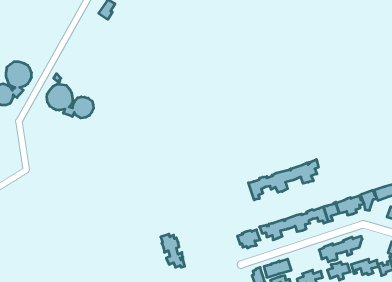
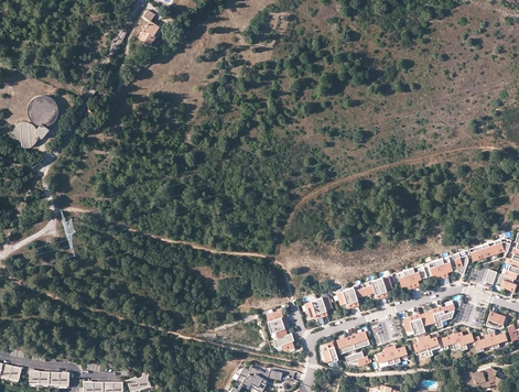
building: [47,84,93,118] -> none
building: [248,159,318,200] -> none
building: [161,234,185,267] -> [267,311,295,350]

